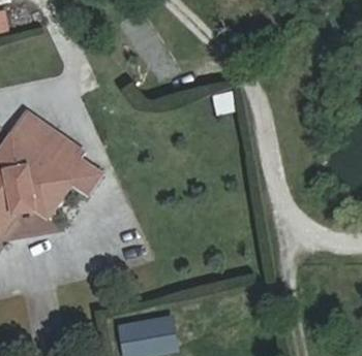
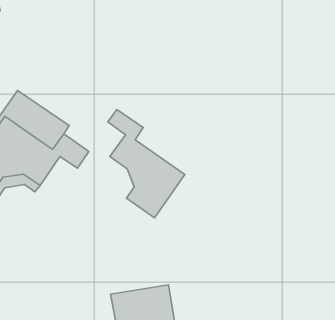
building: none -> [108,109,185,218]

